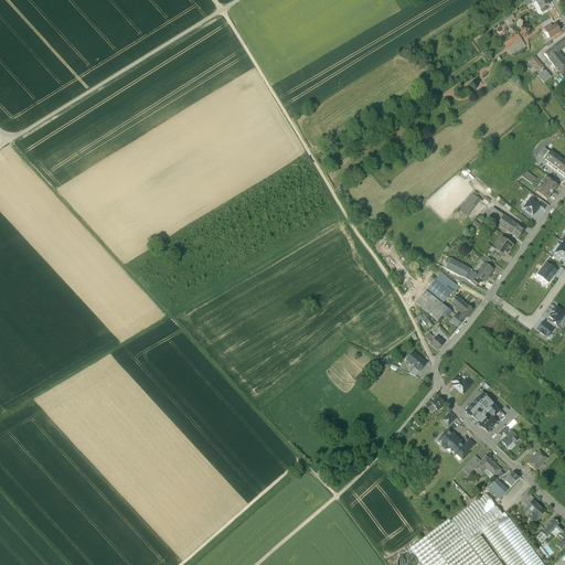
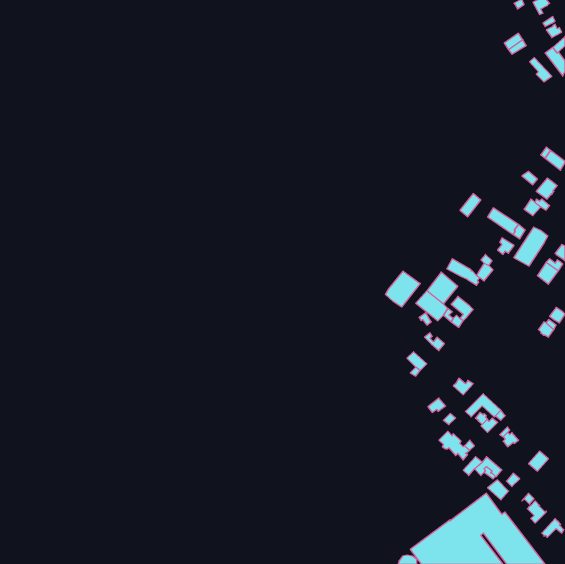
building: none -> [514,227,548,266]
building: none -> [385,271,420,307]

